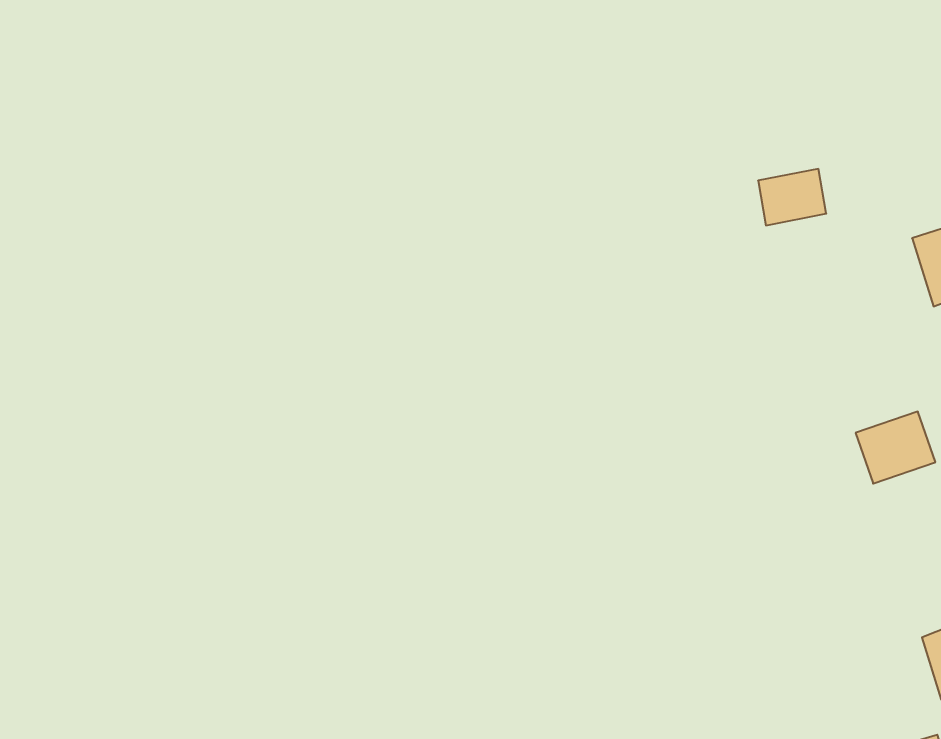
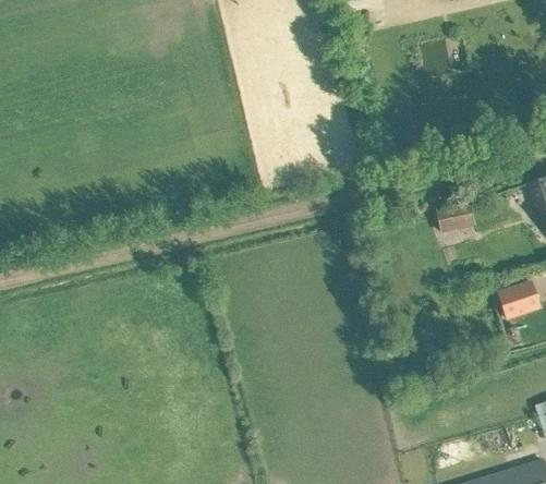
building: [758,169,826,225] -> [437,199,475,231]

